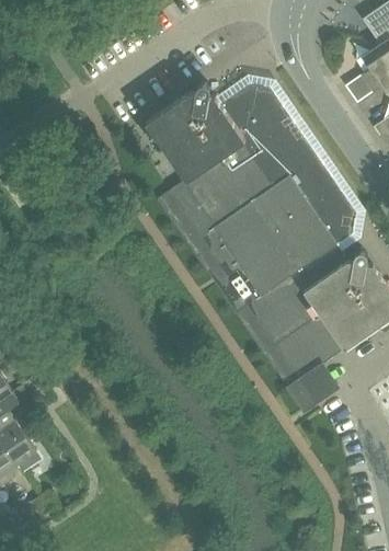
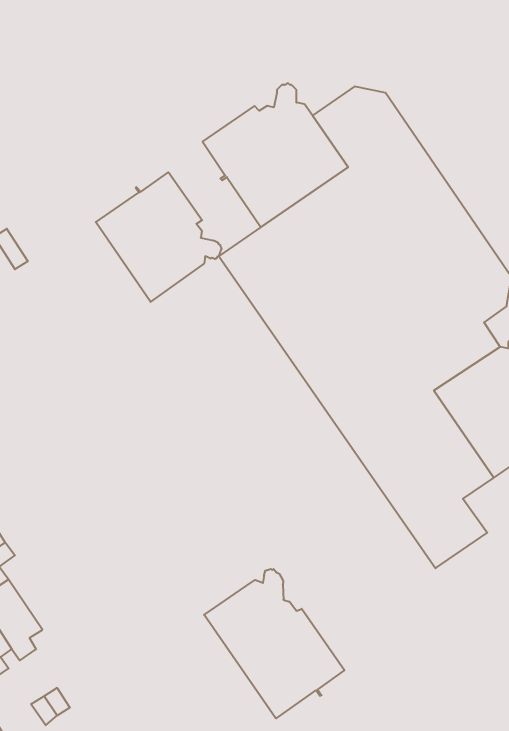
building: none -> [96,172,221,302]
building: none -> [204,569,344,718]

